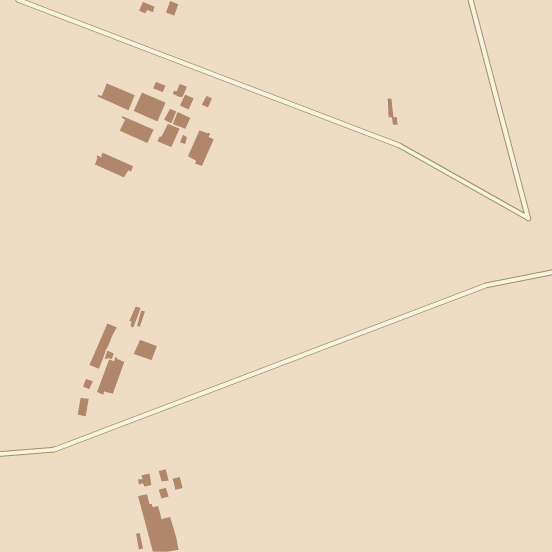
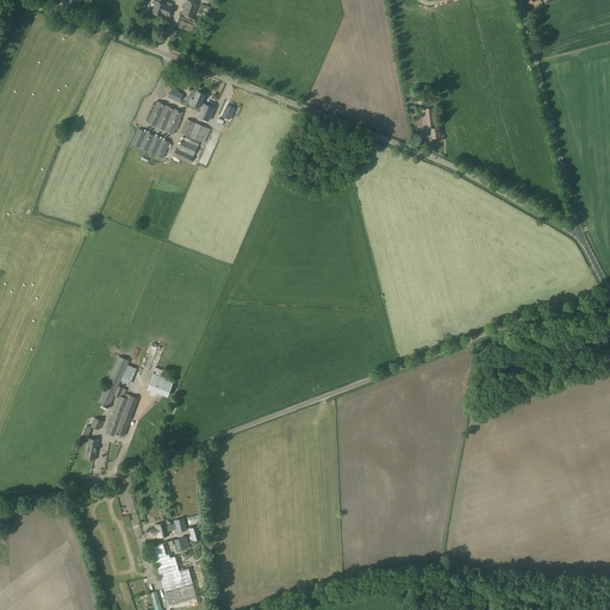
building: [97,82,135,111] -> none
building: [187,129,215,167] -> none
building: [94,152,134,178] -> none

